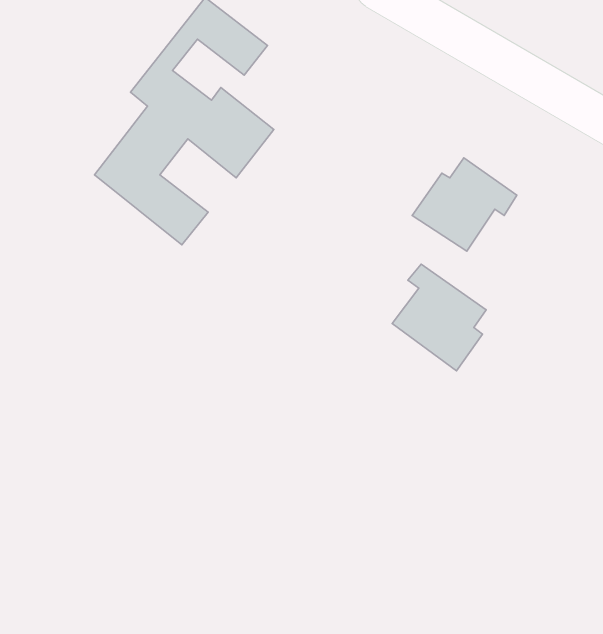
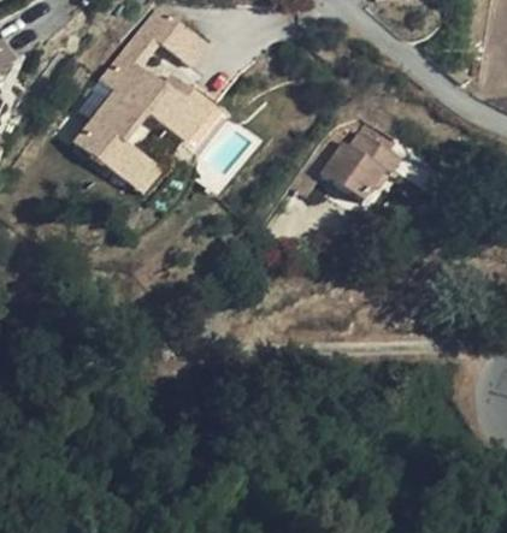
building: [392,264,486,371] -> none

